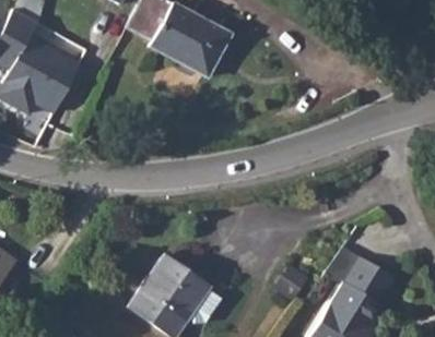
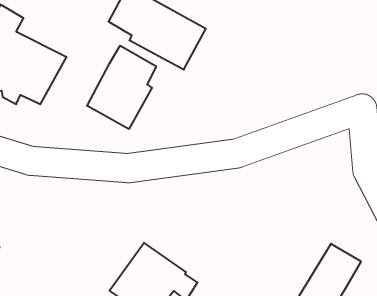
building: none -> [87,46,156,129]

